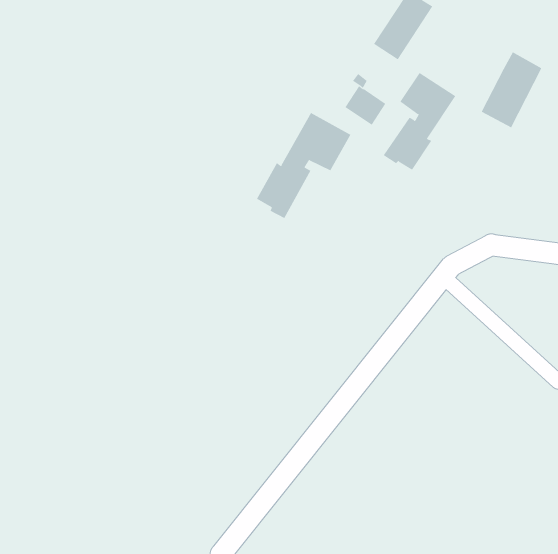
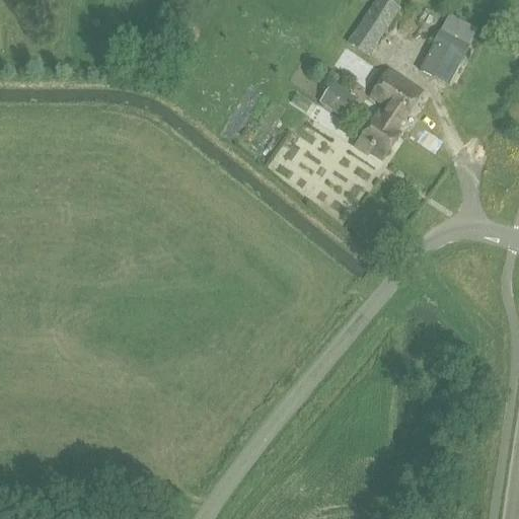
building: [481,52,542,128] -> [420,12,476,83]
building: [256,112,351,219] -> none

